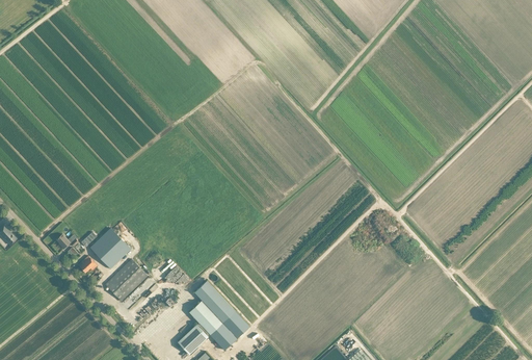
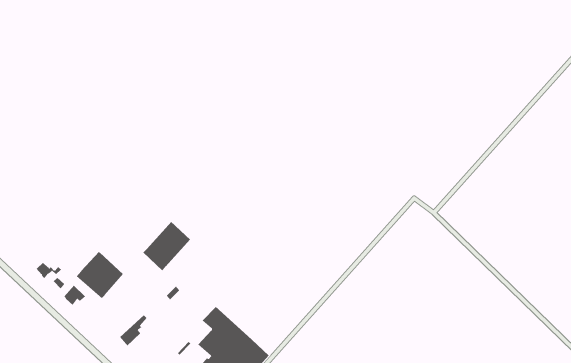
building: [105,259,147,301] -> [143,221,191,271]

